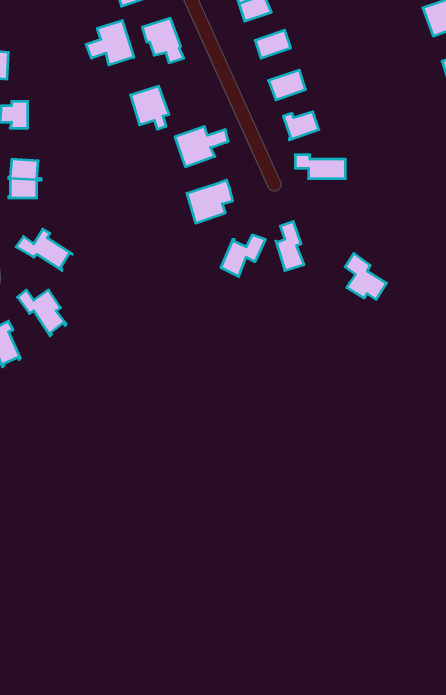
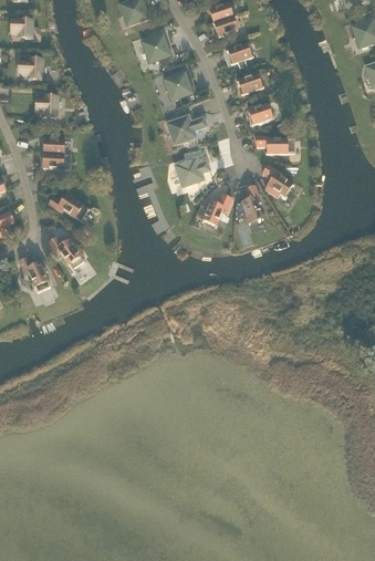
building: [86,20,134,65] -> none
building: [130,86,169,129] -> [164,72,192,104]
building: [345,253,387,299] -> [262,163,293,197]

